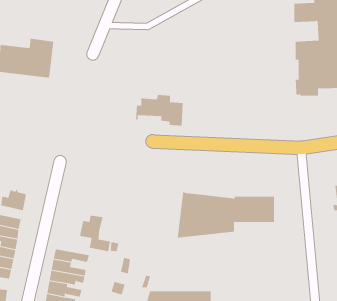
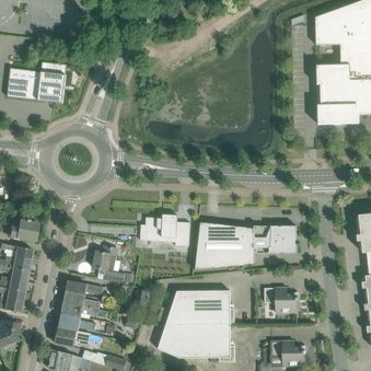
building: [135,95,184,126] -> [140,213,190,246]
building: none -> [265,287,298,312]
building: none -> [166,290,234,324]

